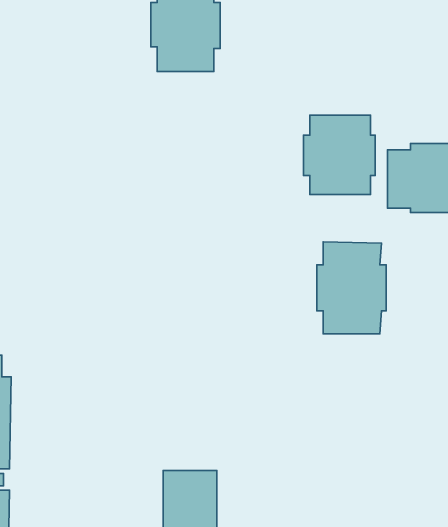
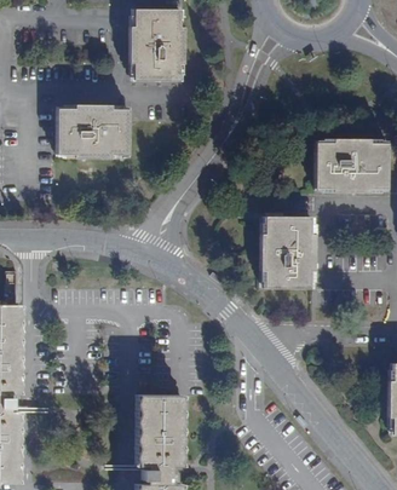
building: none -> [58,103,131,158]
building: [304,115,375,194] -> none

